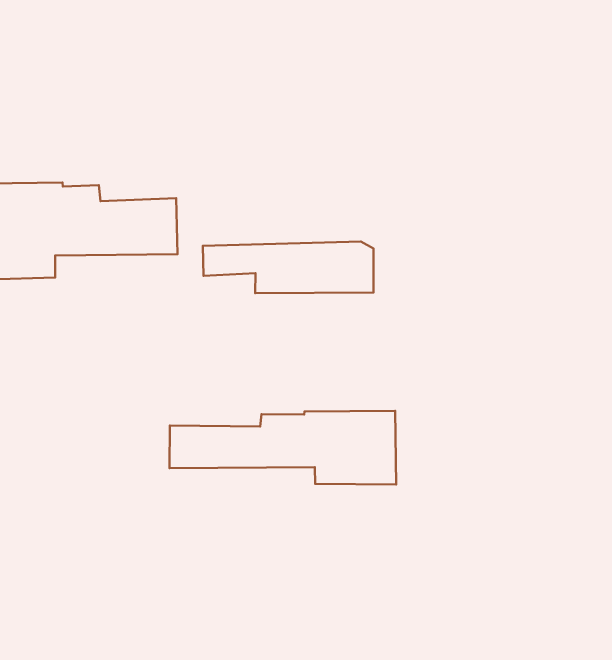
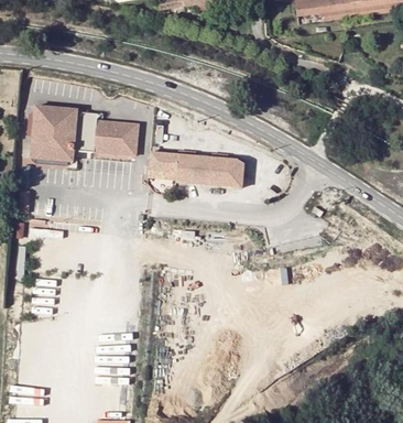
building: [170,411,396,484] -> none

